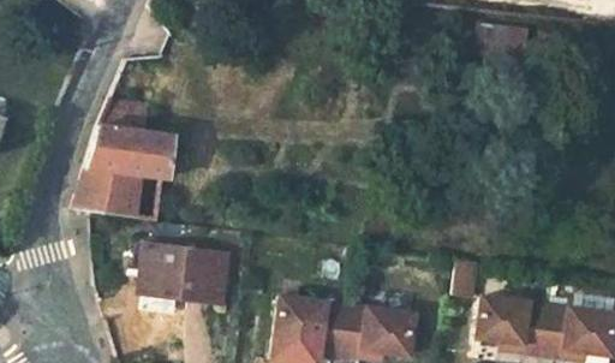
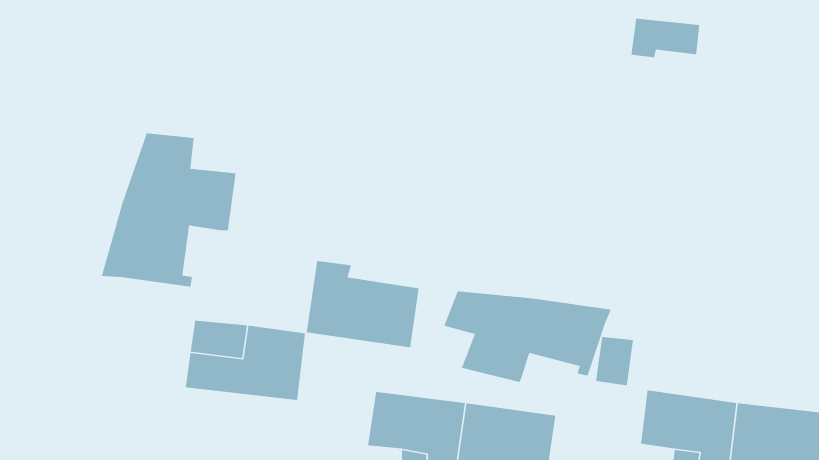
building: none -> [306,260,419,348]
building: none -> [443,290,612,383]

